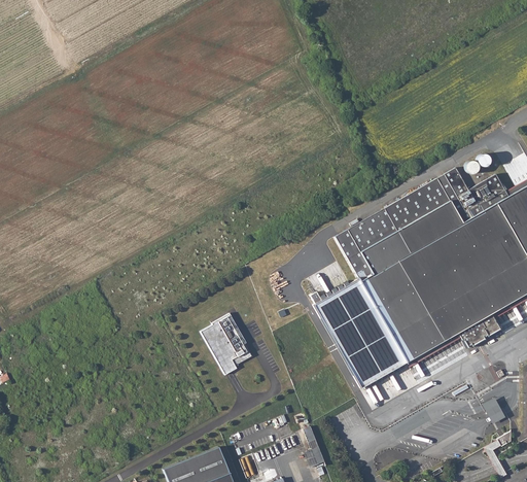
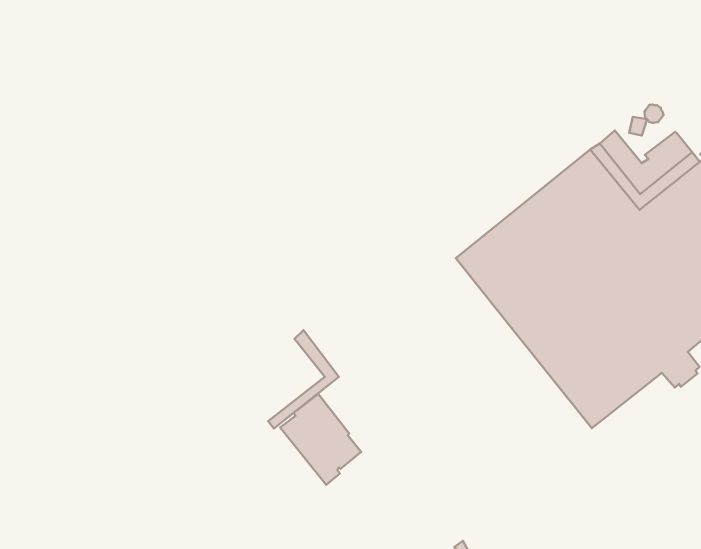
building: none -> [268,330,339,429]
building: [316,279,409,388] -> none

